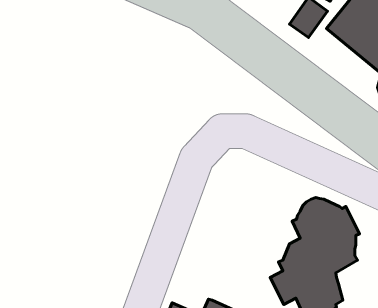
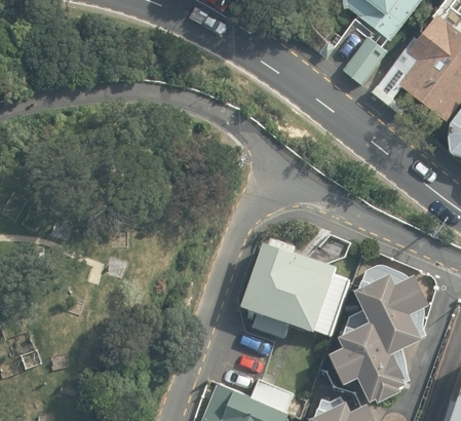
building: none -> [243,238,349,339]

